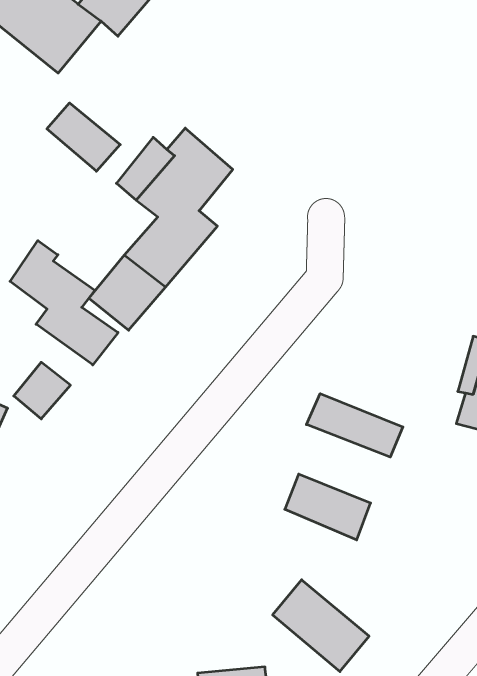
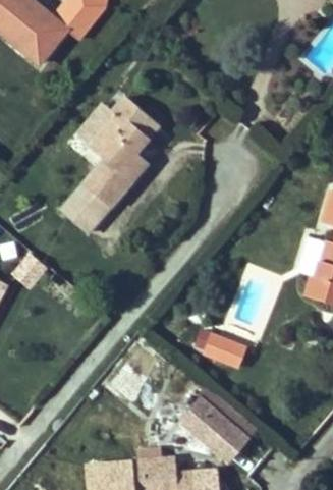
building: [47,103,120,171] -> none
building: [10,241,118,365] -> none
building: [306,394,403,457] -> none

